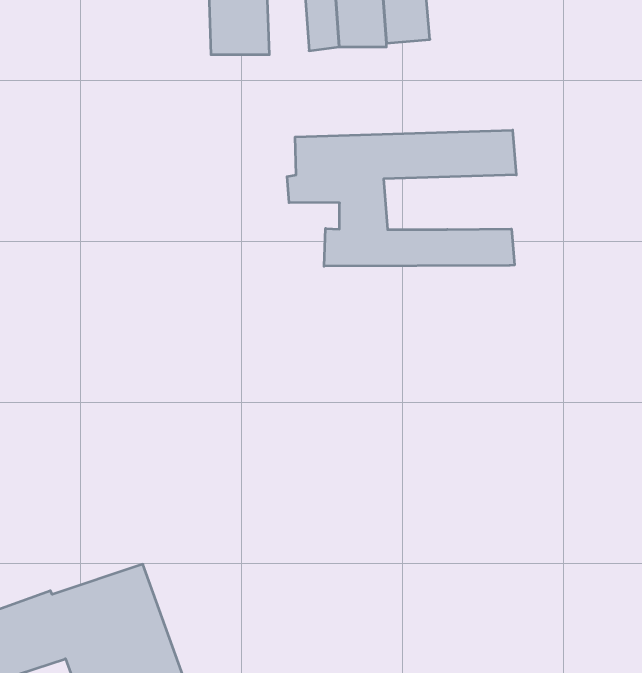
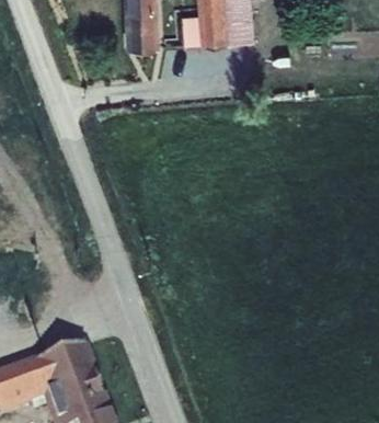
building: [287,130,516,266] -> none

